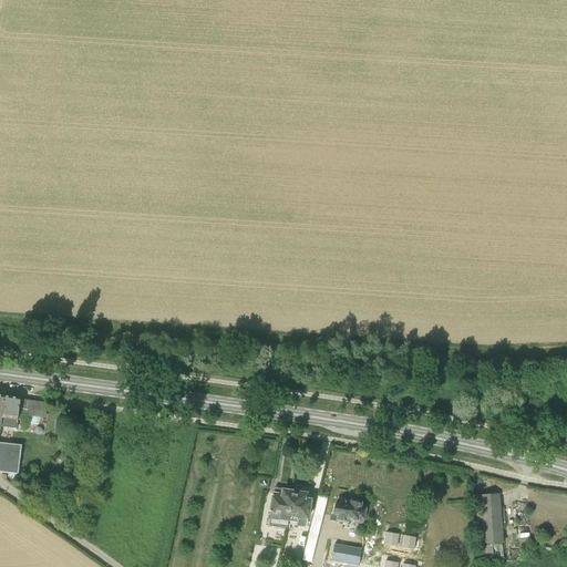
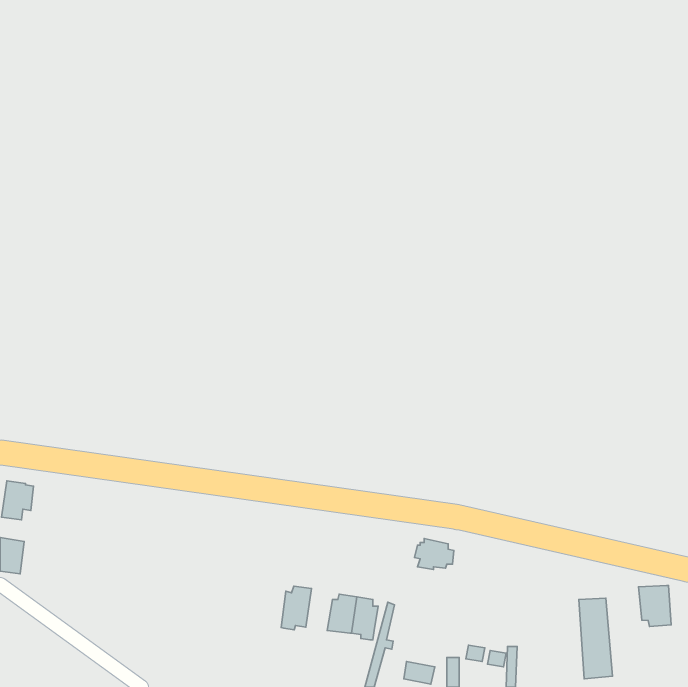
building: none -> [638,586,671,627]
building: none -> [281,586,311,630]
building: [333,497,365,523] -> [415,539,454,570]

